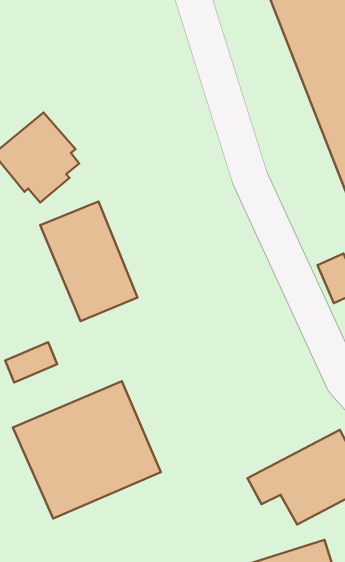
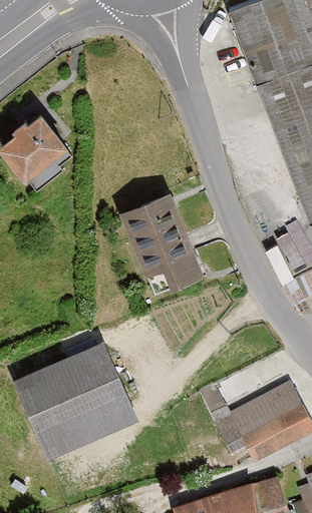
building: [40,202,137,321] -> [120,192,203,294]
building: [5,342,57,383] -> none

